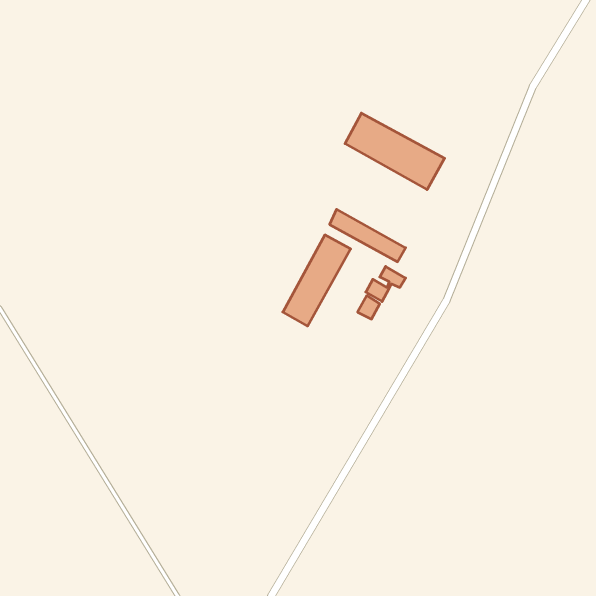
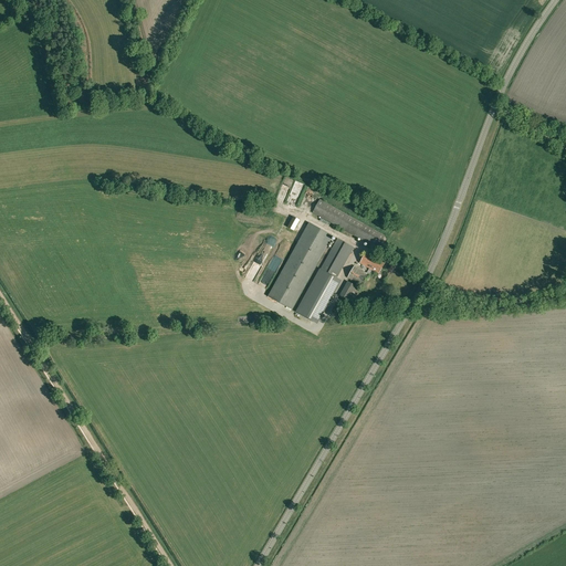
building: [345,113,445,190] -> none
building: none -> [296,238,353,321]

